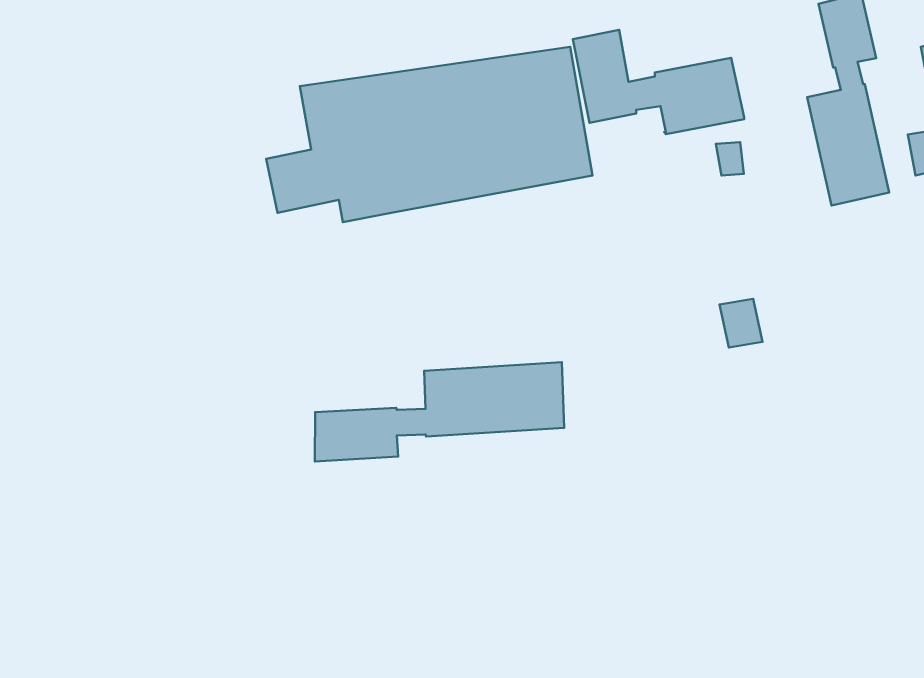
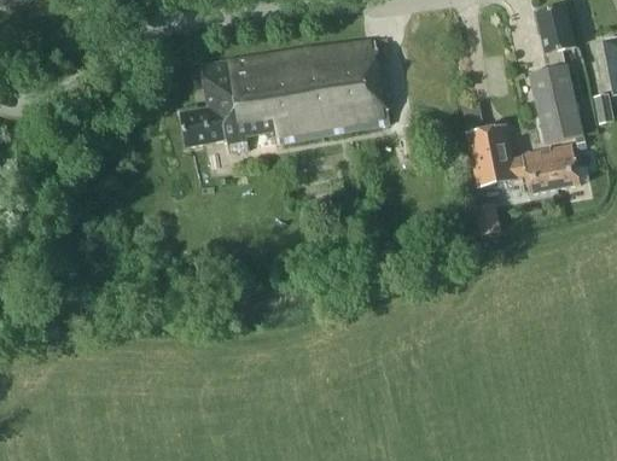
building: [573,30,744,134] -> [468,124,580,192]
building: [315,362,564,462] -> none

